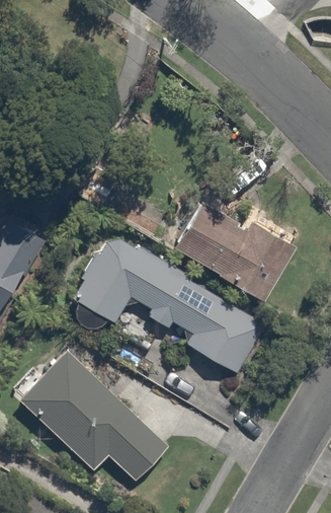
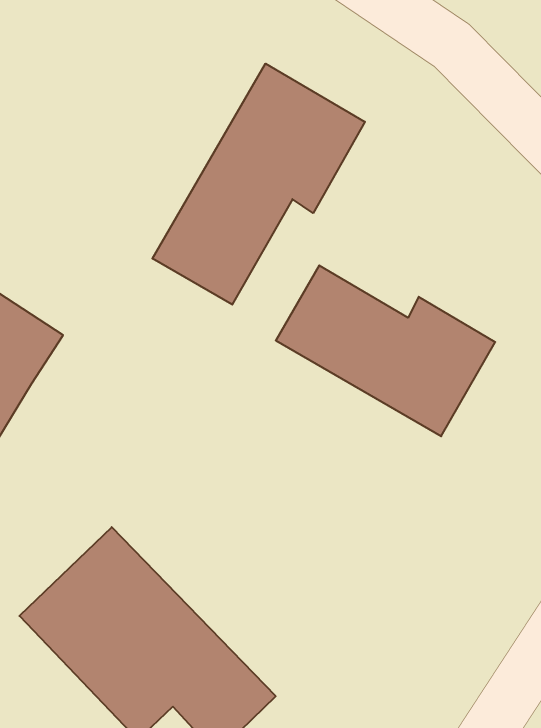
building: none -> [152,64,365,305]
building: [73,235,266,375] -> none

